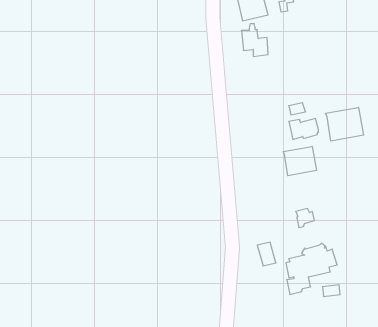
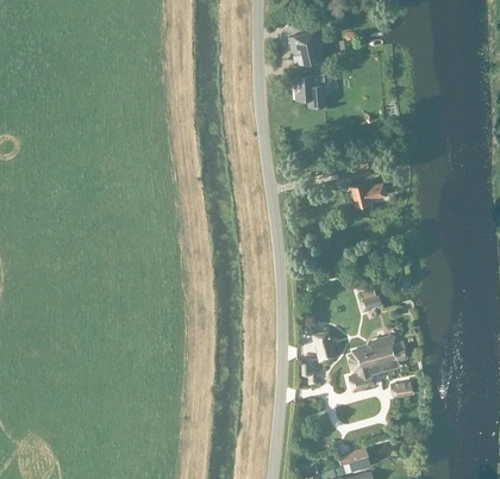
building: [326,107,364,141] -> none
building: [283,146,316,176] -> none

